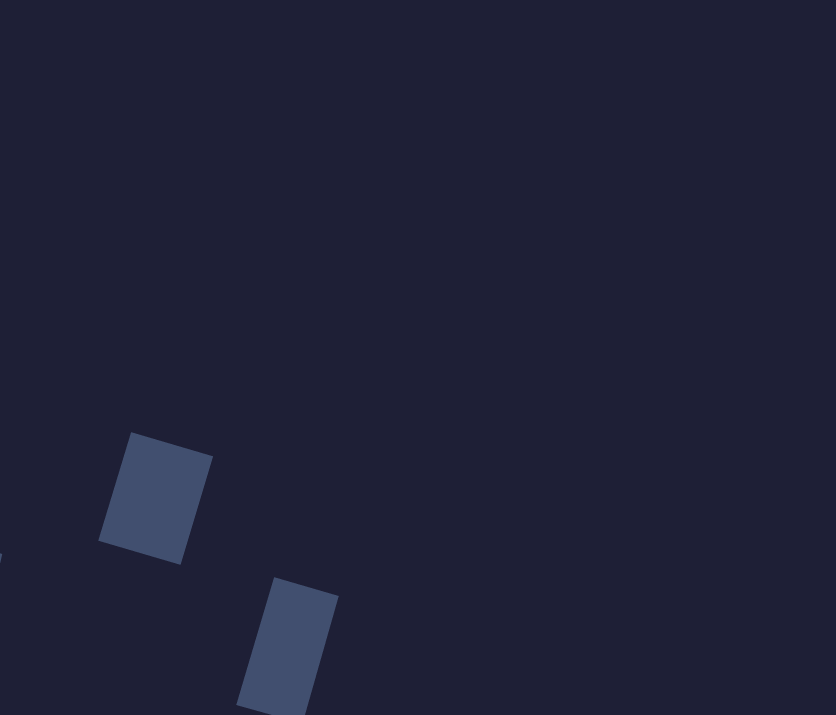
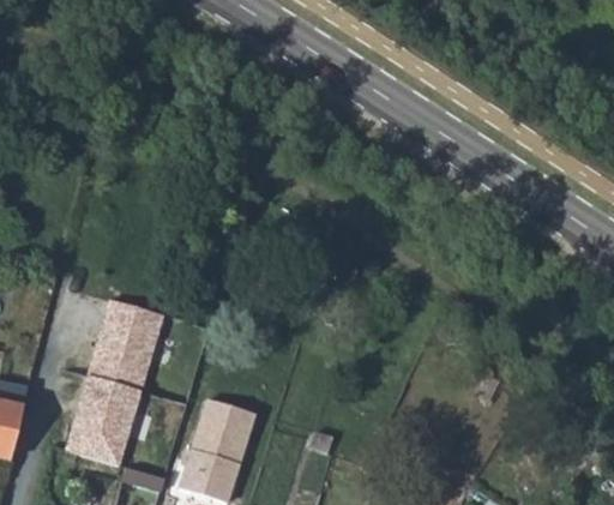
building: none -> [67,374,145,465]

